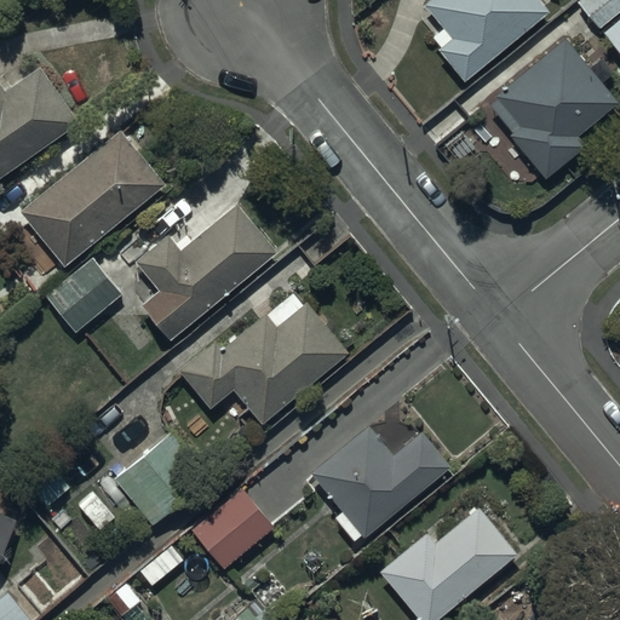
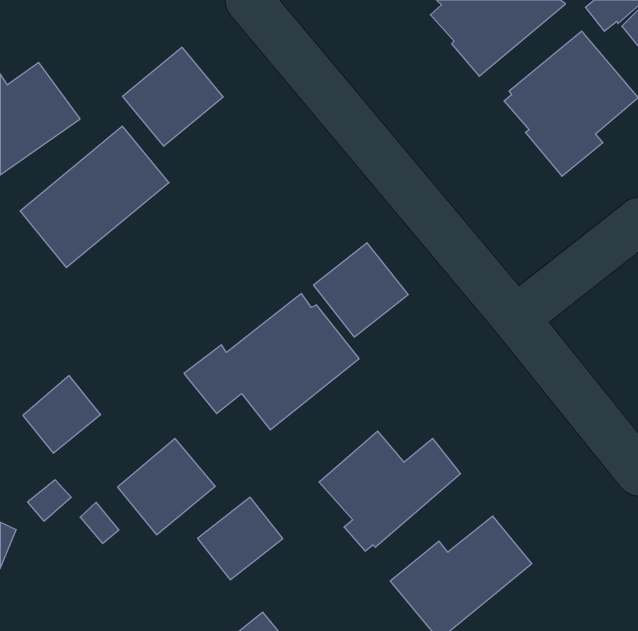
building: none -> [123,47,223,146]
building: [136,202,275,339] -> none
building: none -> [313,243,408,337]
building: [47,258,122,333] -> [23,376,101,453]

